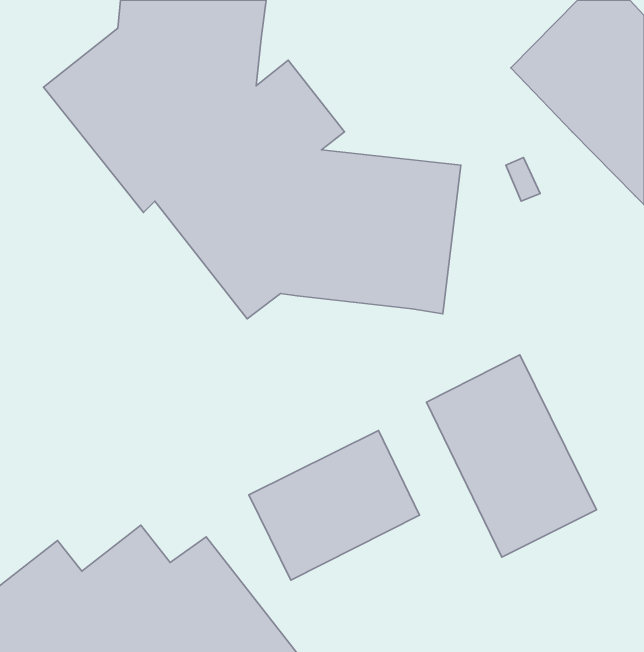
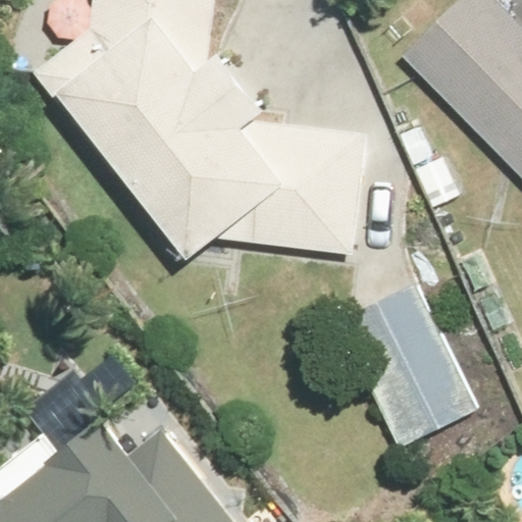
building: [249,430,419,580] -> none

